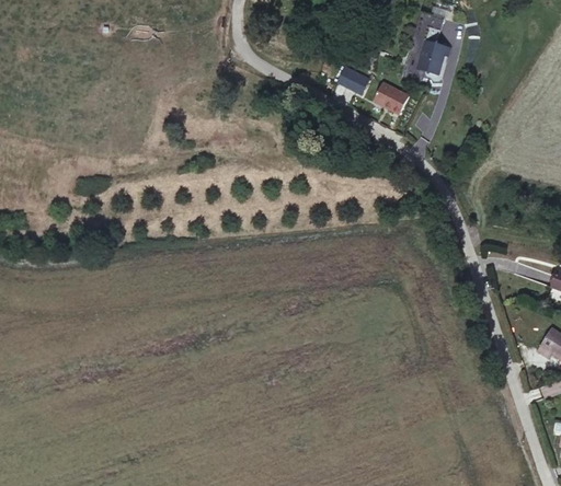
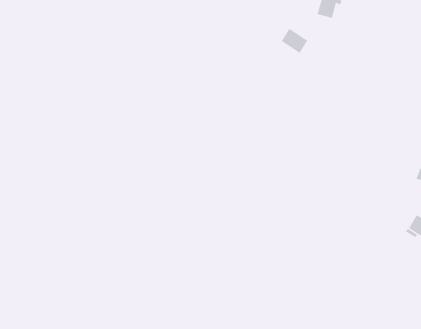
building: [337,67,369,94] -> none

